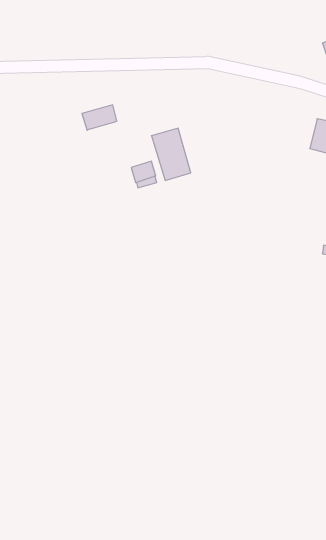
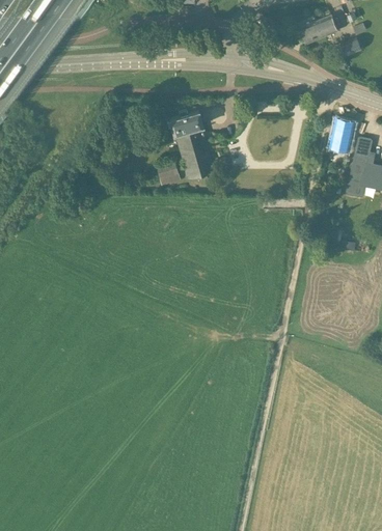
building: none -> [300,15,337,44]
building: [82,105,117,130] -> [168,110,202,135]

